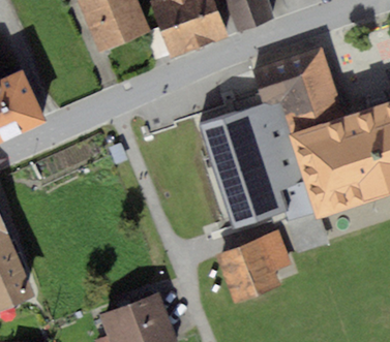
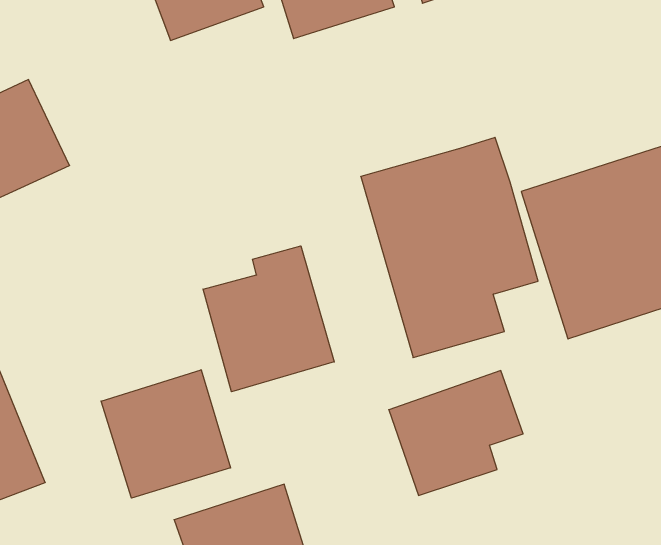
building: [248,48,344,128] -> none
building: none -> [203,246,334,392]
building: none -> [101,370,231,498]

